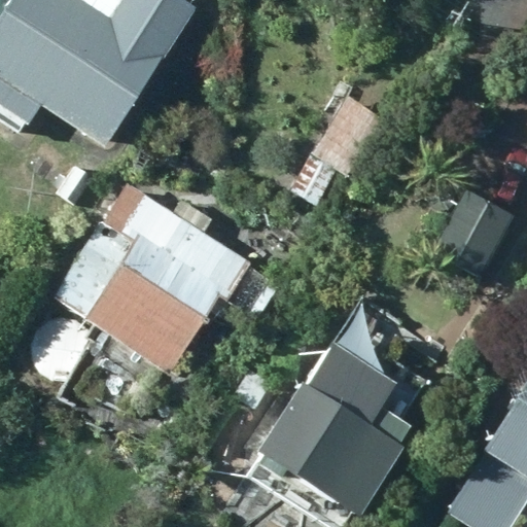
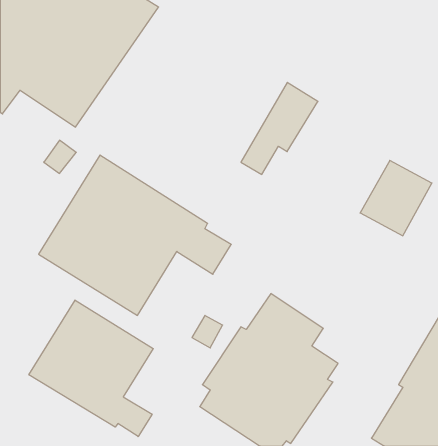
building: none -> [29,300,153,437]

